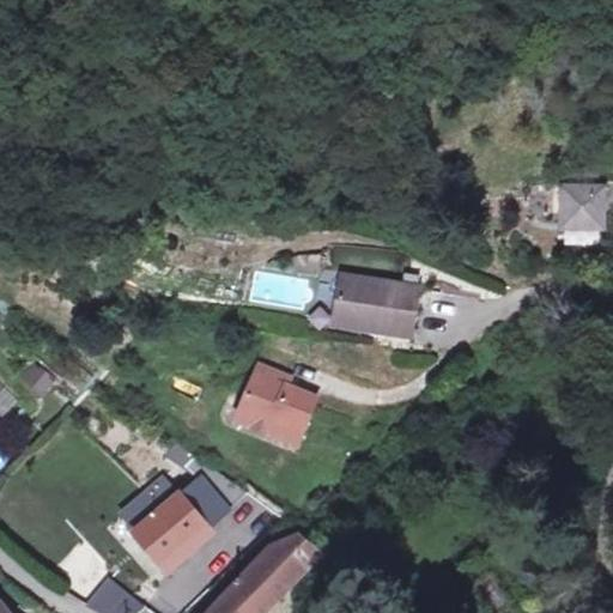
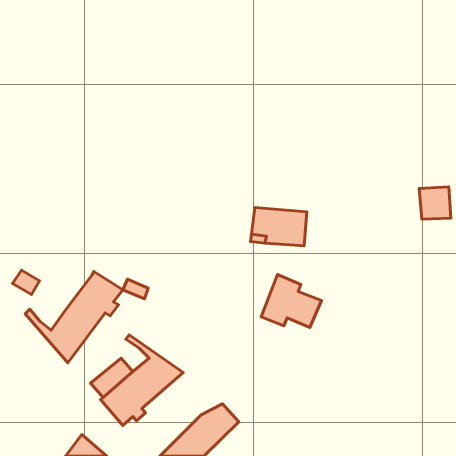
building: [560,187,602,230] -> [419,187,451,219]
building: none -> [25,272,123,363]
building: [232,369,312,439] -> [261,275,321,328]

